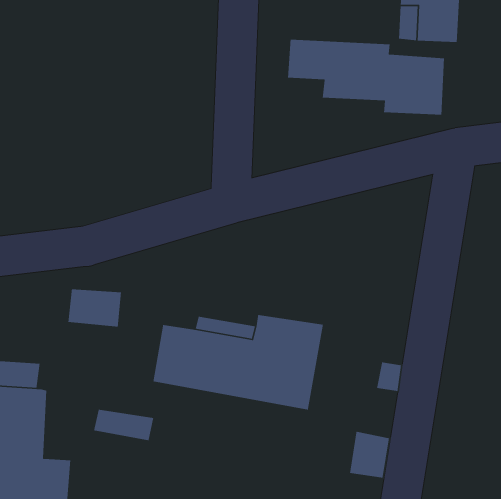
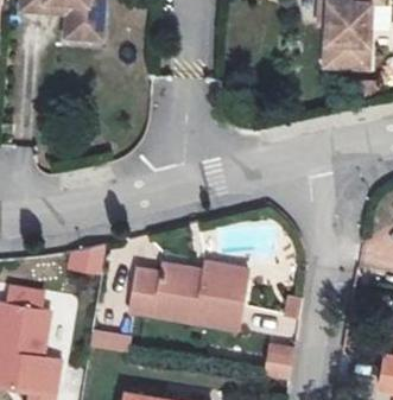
building: [287,39,445,115] -> none

